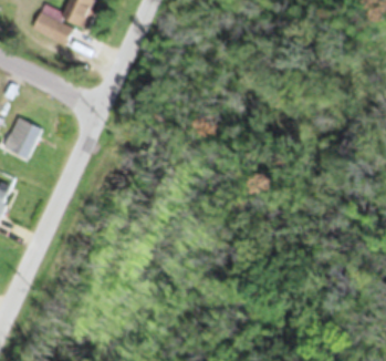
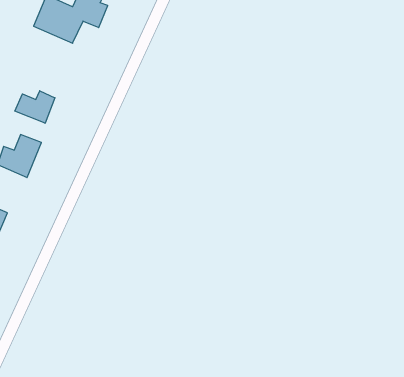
building: none -> [15,91,55,123]

